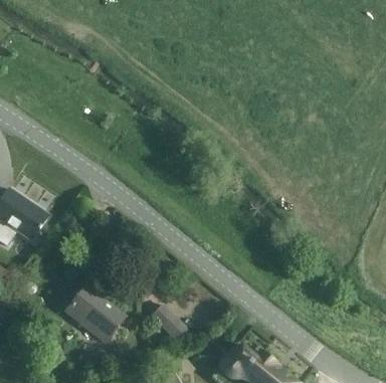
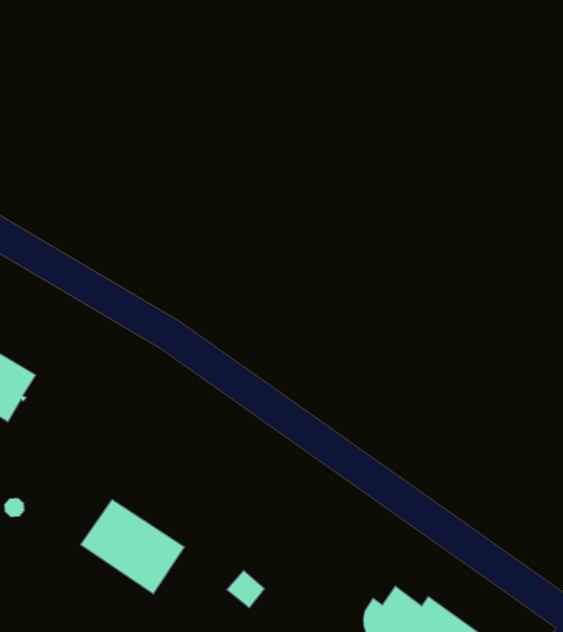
building: [152,305,186,338] -> none

